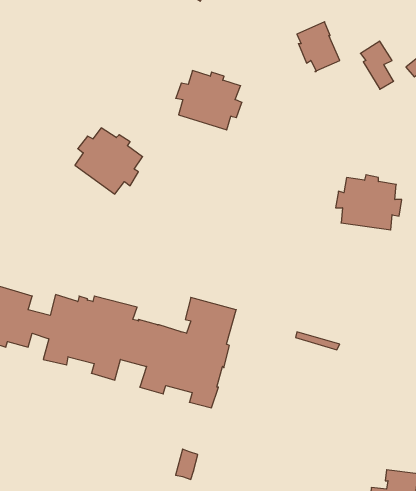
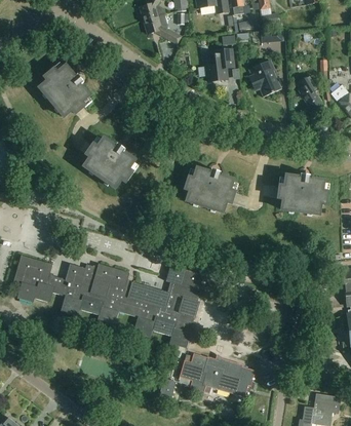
building: none -> [205,49,234,81]
building: none -> [39,66,89,117]
building: [176,71,242,130] -> [185,168,234,212]
building: none -> [179,353,256,396]

